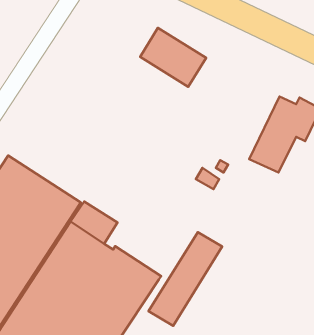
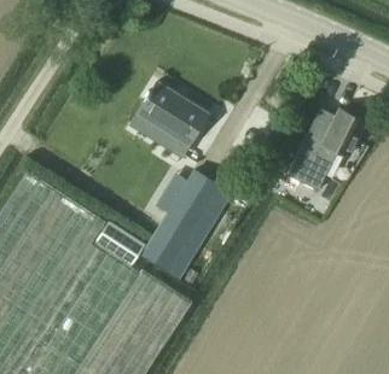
building: [140,28,206,87] -> [135,84,207,148]
building: [149,232,222,326] -> [139,173,219,274]

